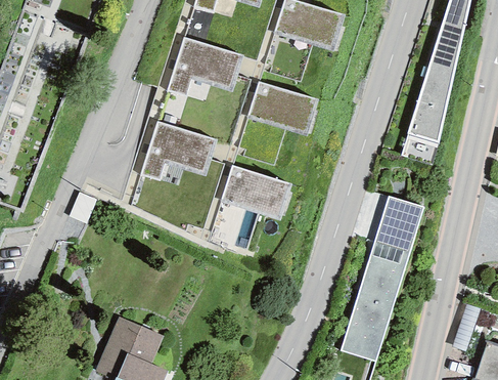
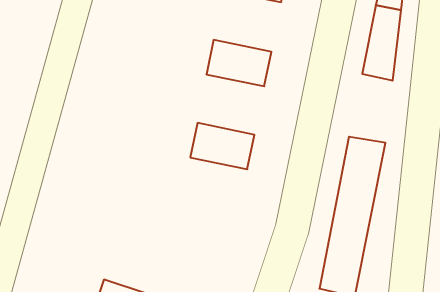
building: [168,38,242,95] -> none
building: [141,121,217,178] -> none

